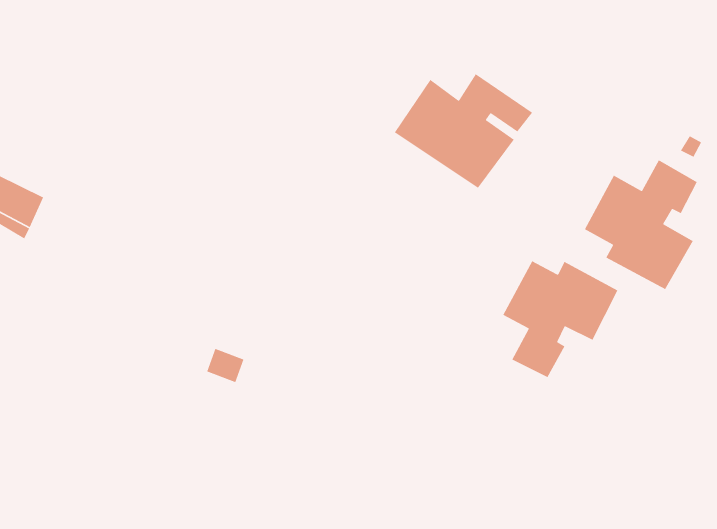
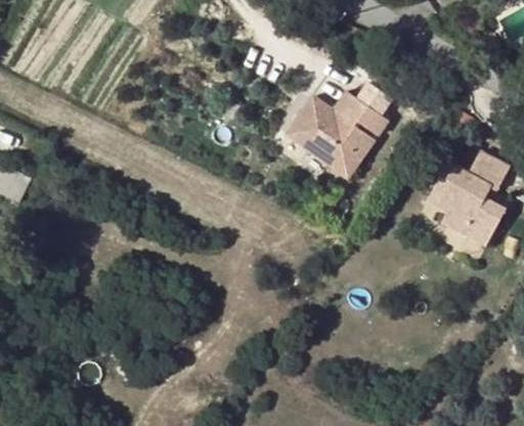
building: [502,260,619,378] -> none

